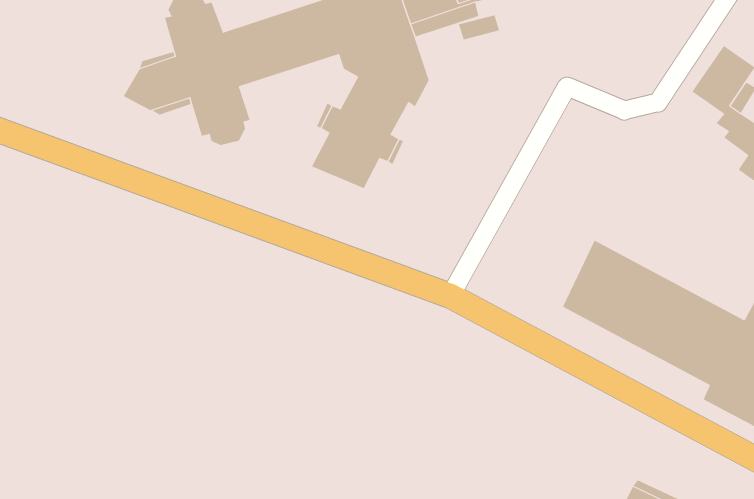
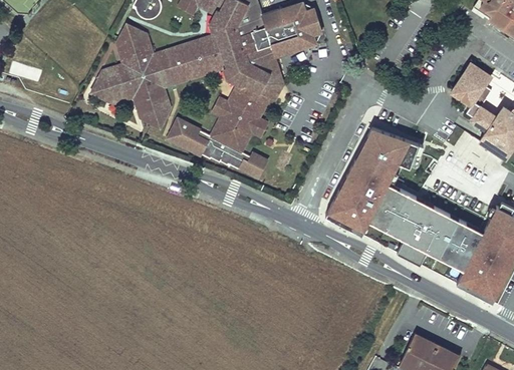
building: none -> [165,115,268,179]
building: none -> [327,127,424,234]

